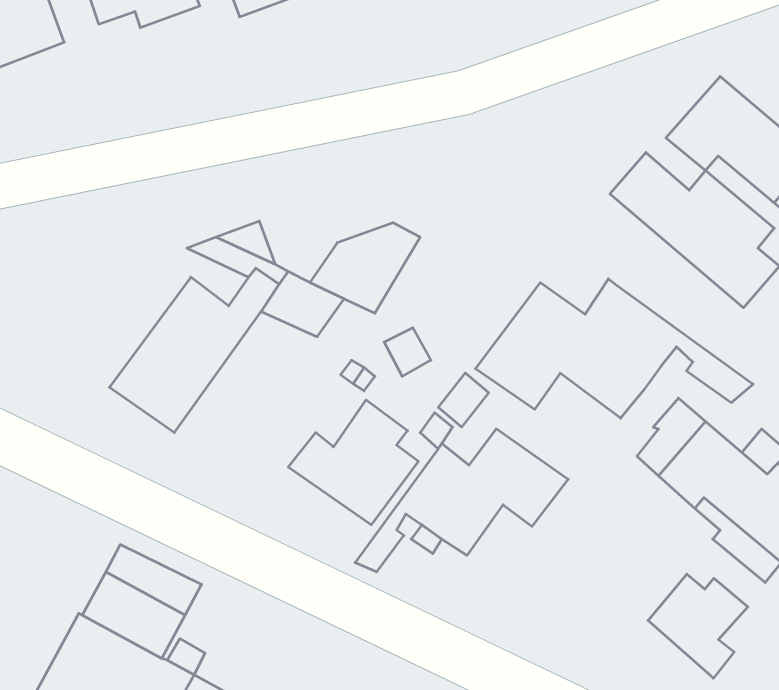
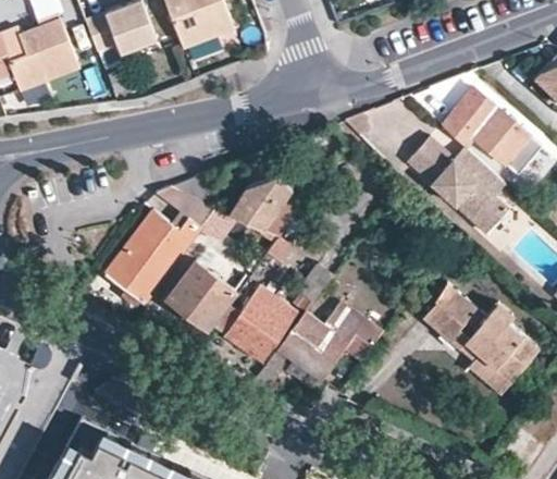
building: [475,279,753,418] -> none
building: none -> [165,260,246,328]
building: [648,574,748,678] -> none

